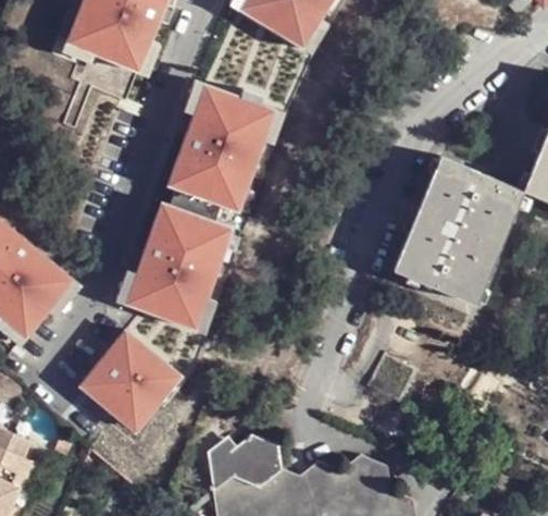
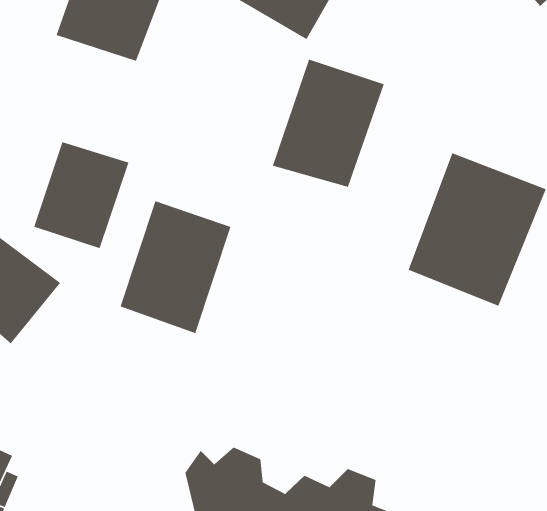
building: [169,83,276,206] -> [272,59,385,188]
building: none -> [33,141,129,249]
building: [77,332,179,432] -> none

